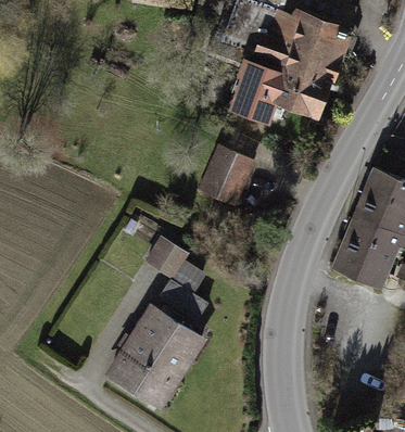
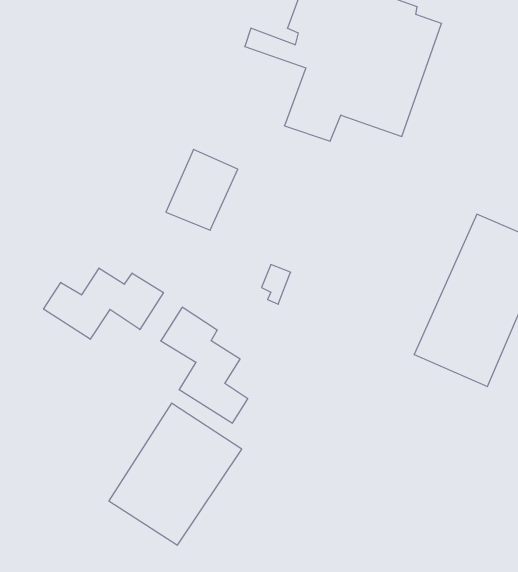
building: [202,144,253,202] -> [166,149,238,230]
building: none -> [44,268,163,339]

